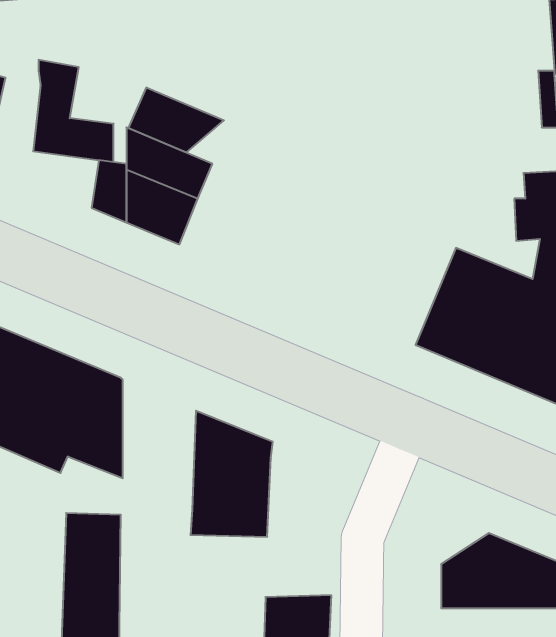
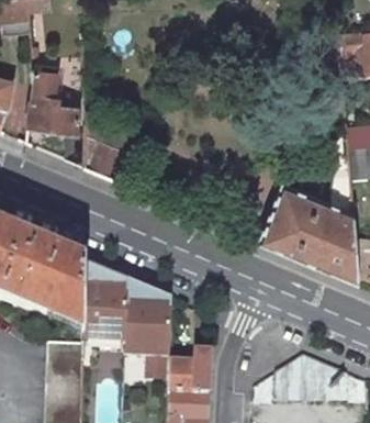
building: [129,87,224,153] -> none
building: none -> [82,261,127,339]
building: none -> [169,349,211,392]

